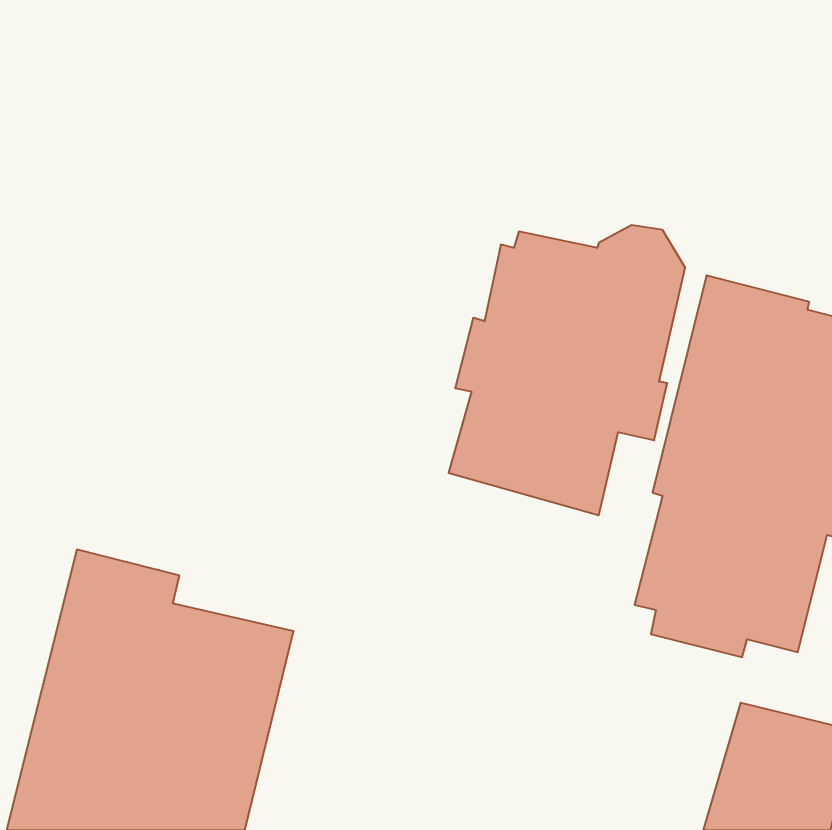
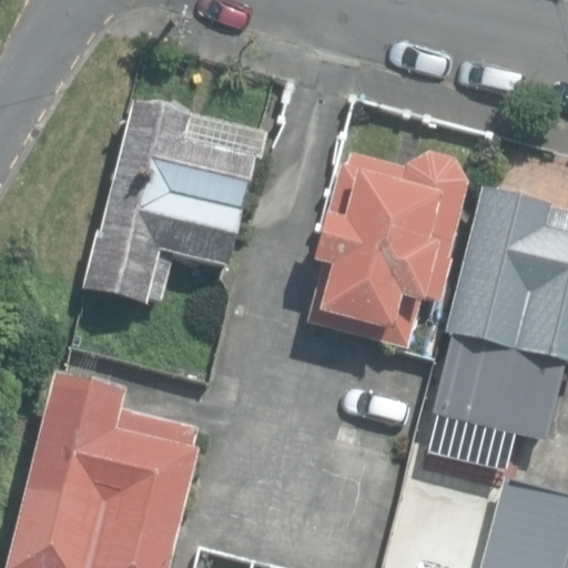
building: none -> [83,103,263,306]

